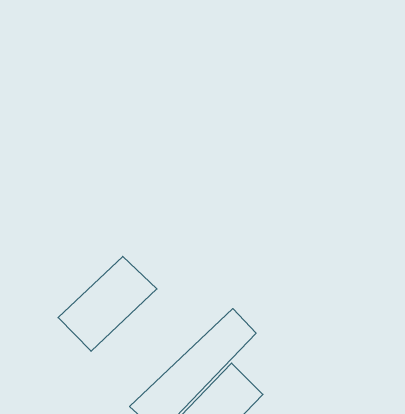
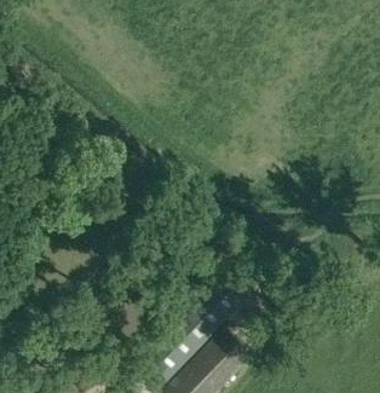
building: [58,256,157,351] -> none

